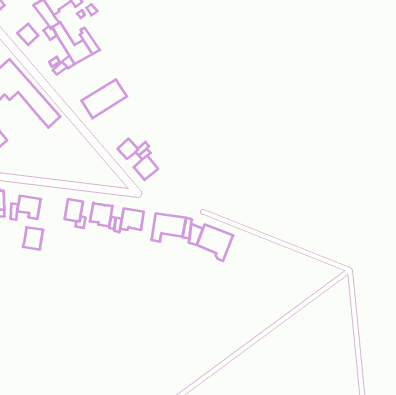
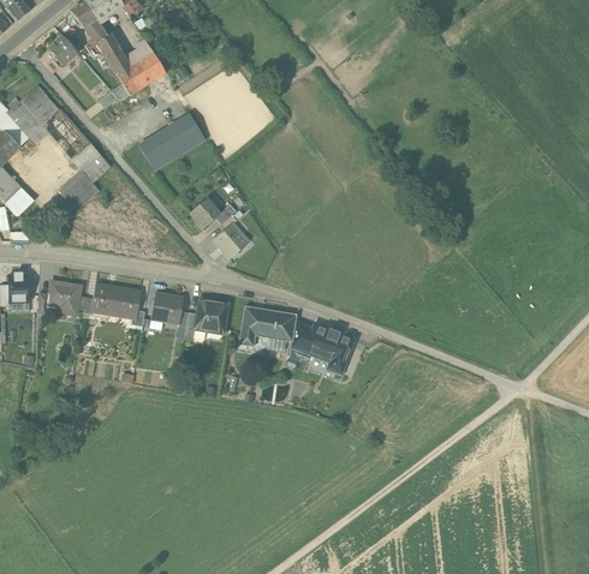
building: none -> [58,171,97,210]
building: [23,227,43,249] -> [90,282,119,313]

